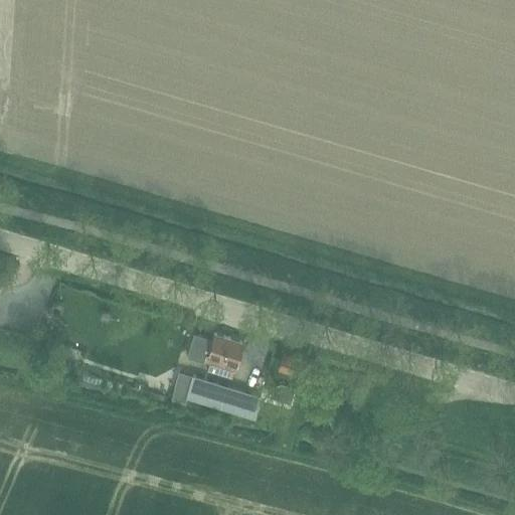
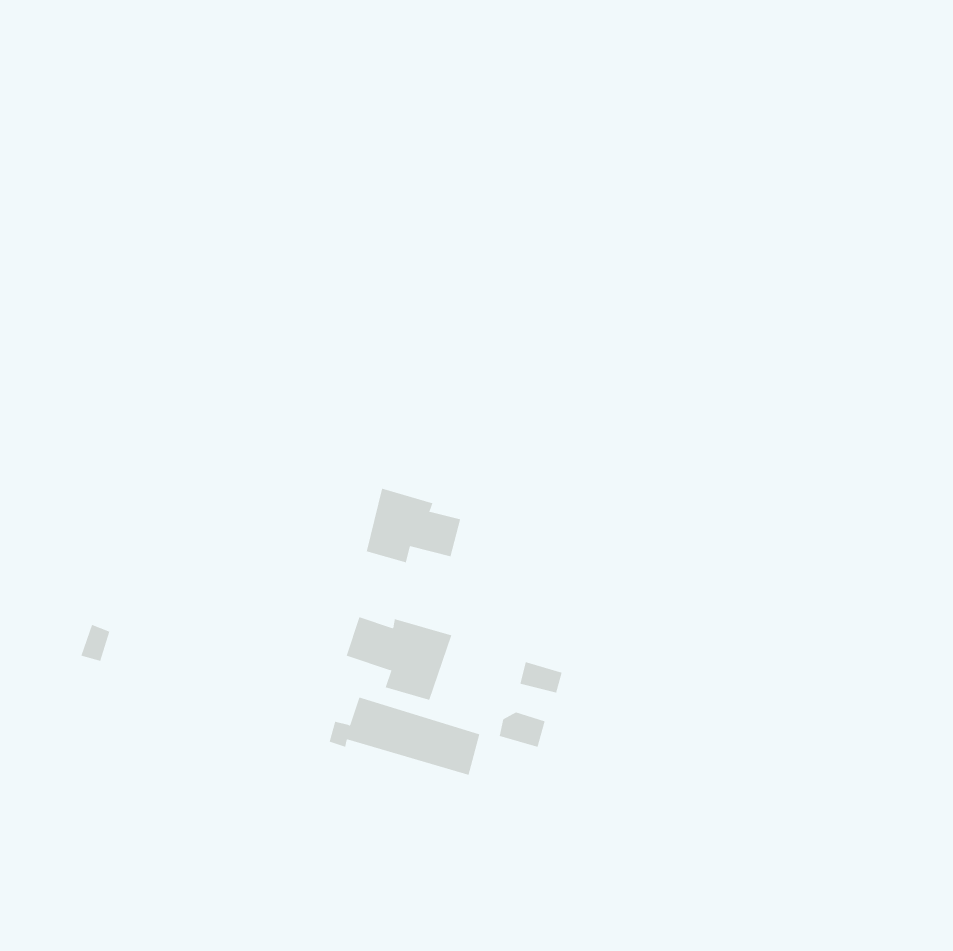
building: none -> [366,488,461,563]

